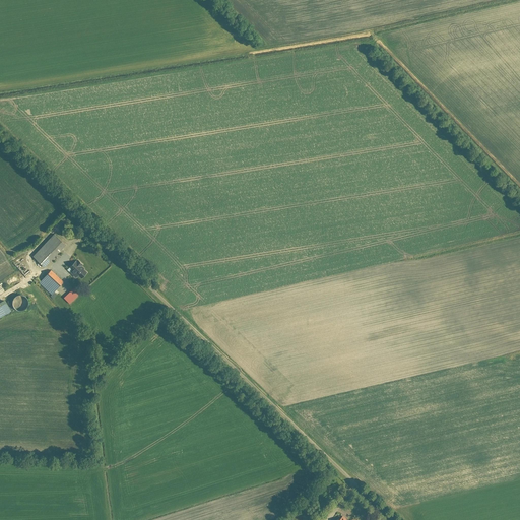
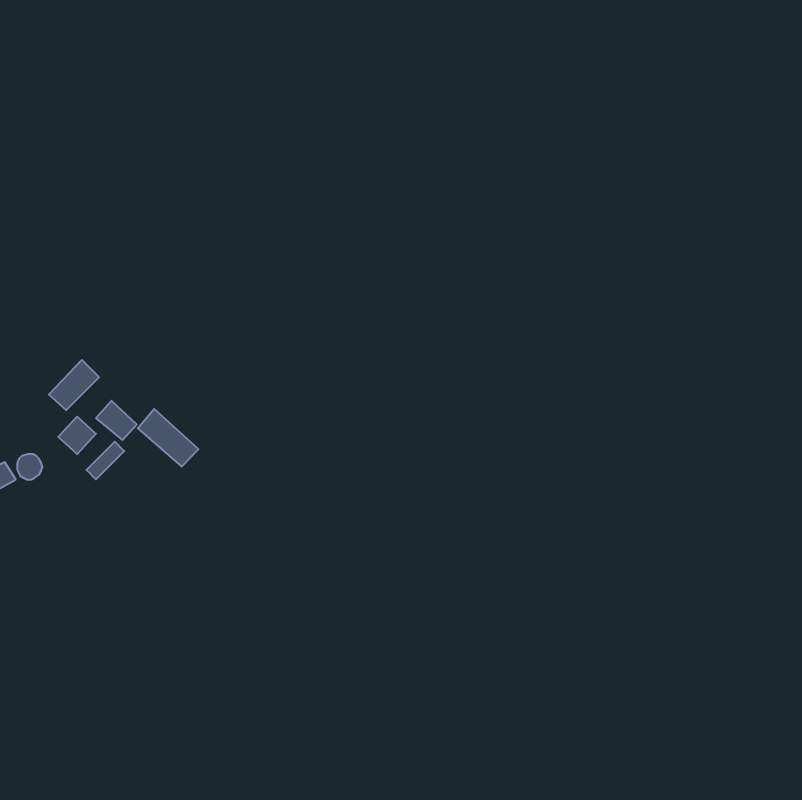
building: none -> [138,409,198,467]

